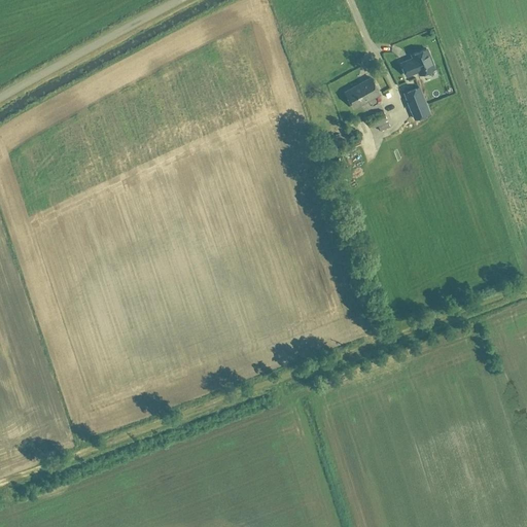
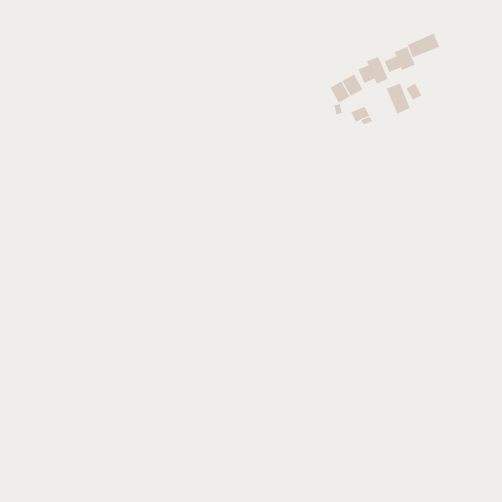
building: none -> [407,33,440,58]
building: none -> [358,56,389,84]

